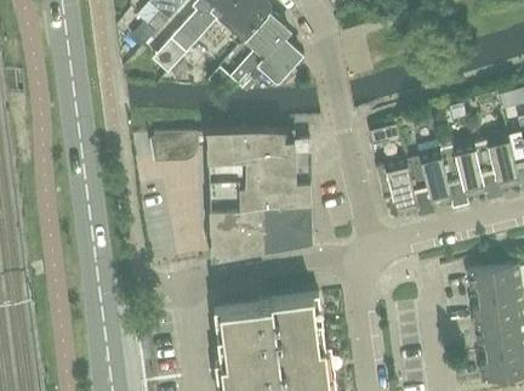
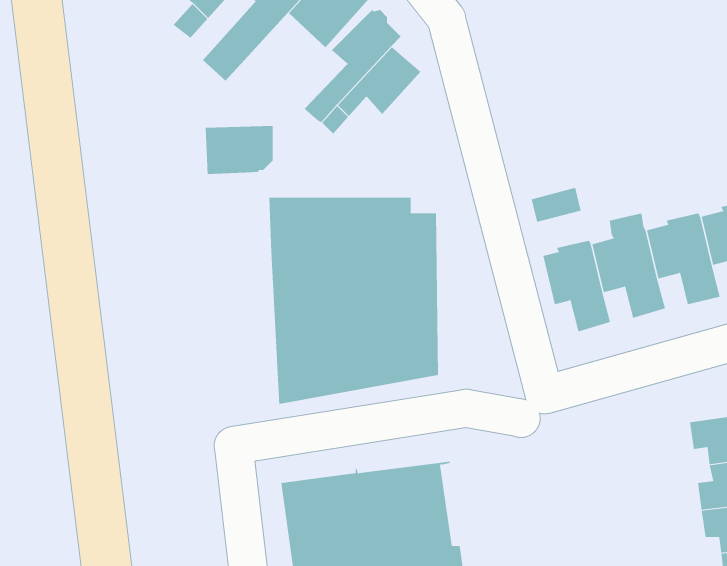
building: [154,131,196,161] -> [205,125,273,174]

